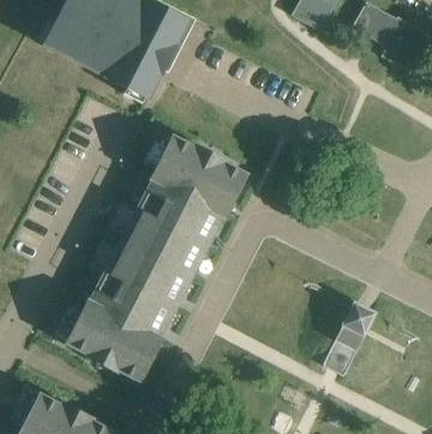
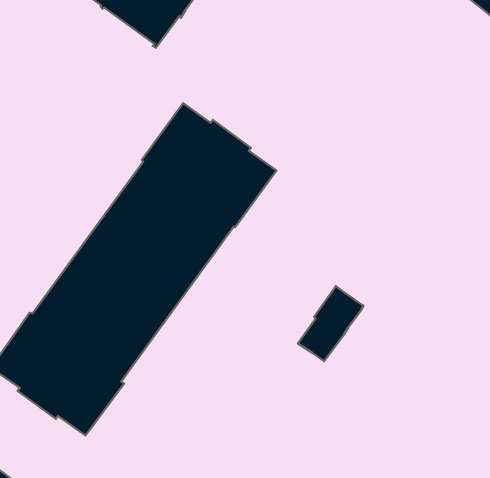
building: [331,301,373,355] -> [298,286,363,361]

